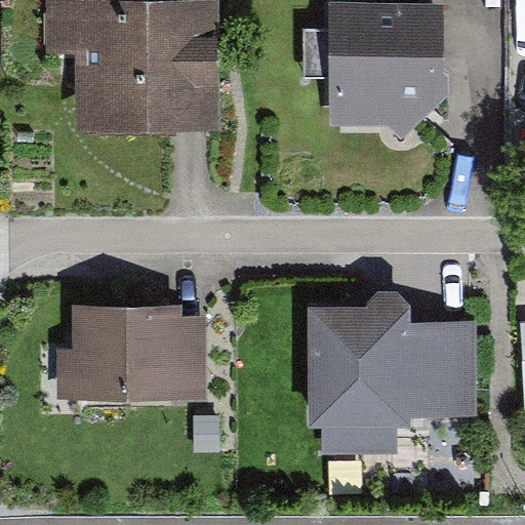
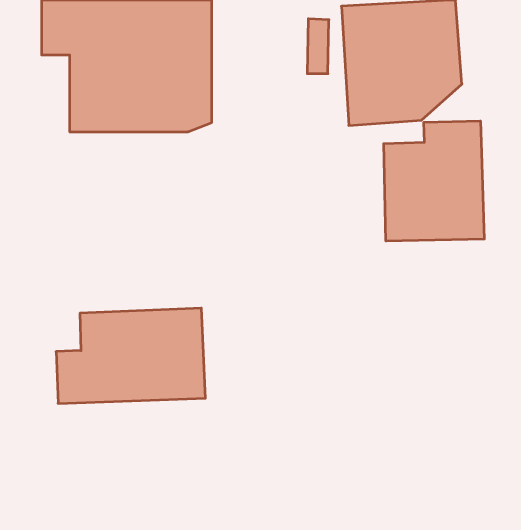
building: none -> [384,121,484,241]
building: [319,287,472,448] -> none

